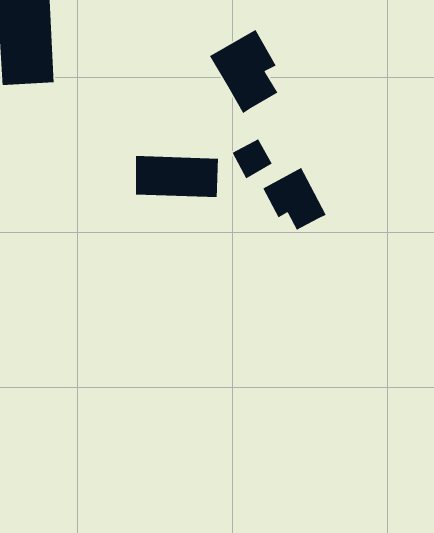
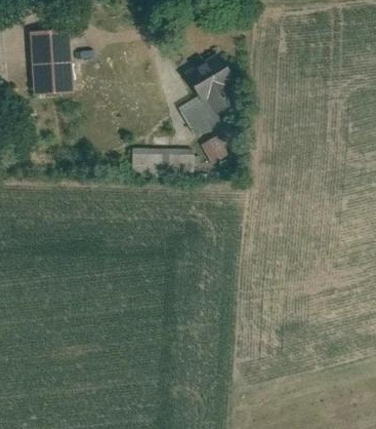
building: none -> [180,99,219,135]
building: [262,167,327,231] -> none

